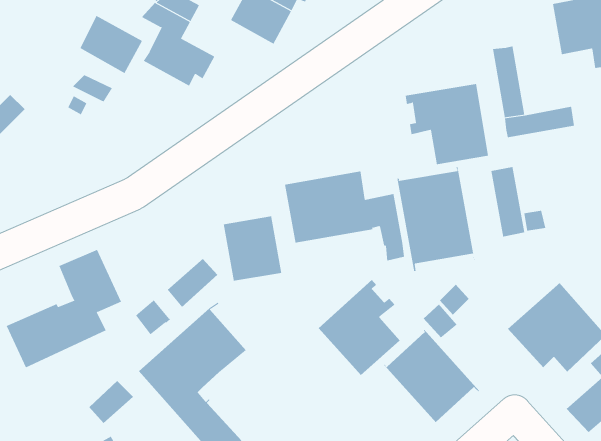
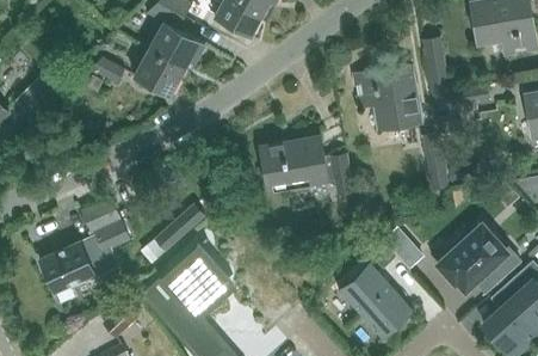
building: [80,15,143,74] -> [134,49,184,96]
building: [397,167,475,272] -> none
building: [223,215,282,282] -> none
building: [318,279,401,376] -> none

